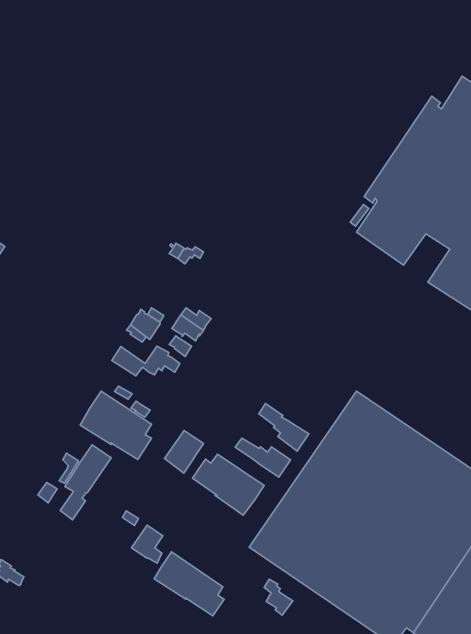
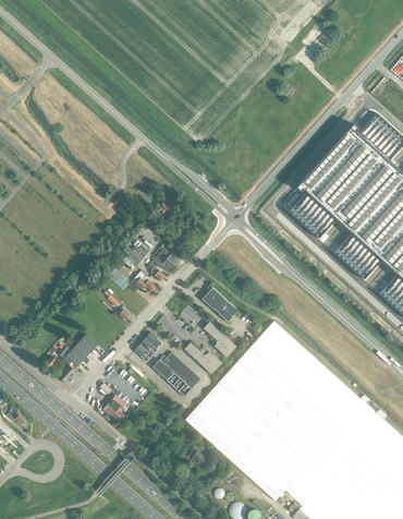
building: none -> [202,288,237,323]
building: [80,391,151,460] -> none
building: [154,552,224,616] -> none

